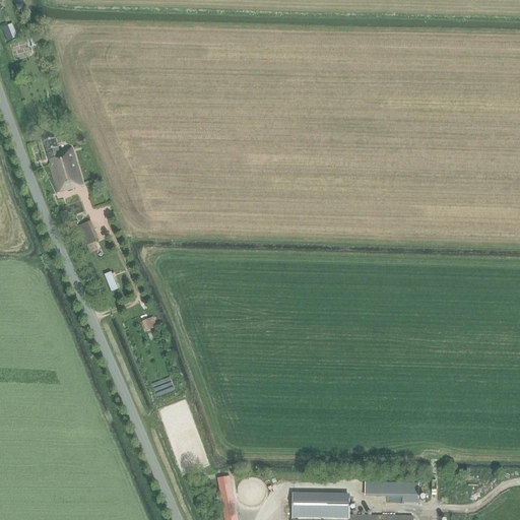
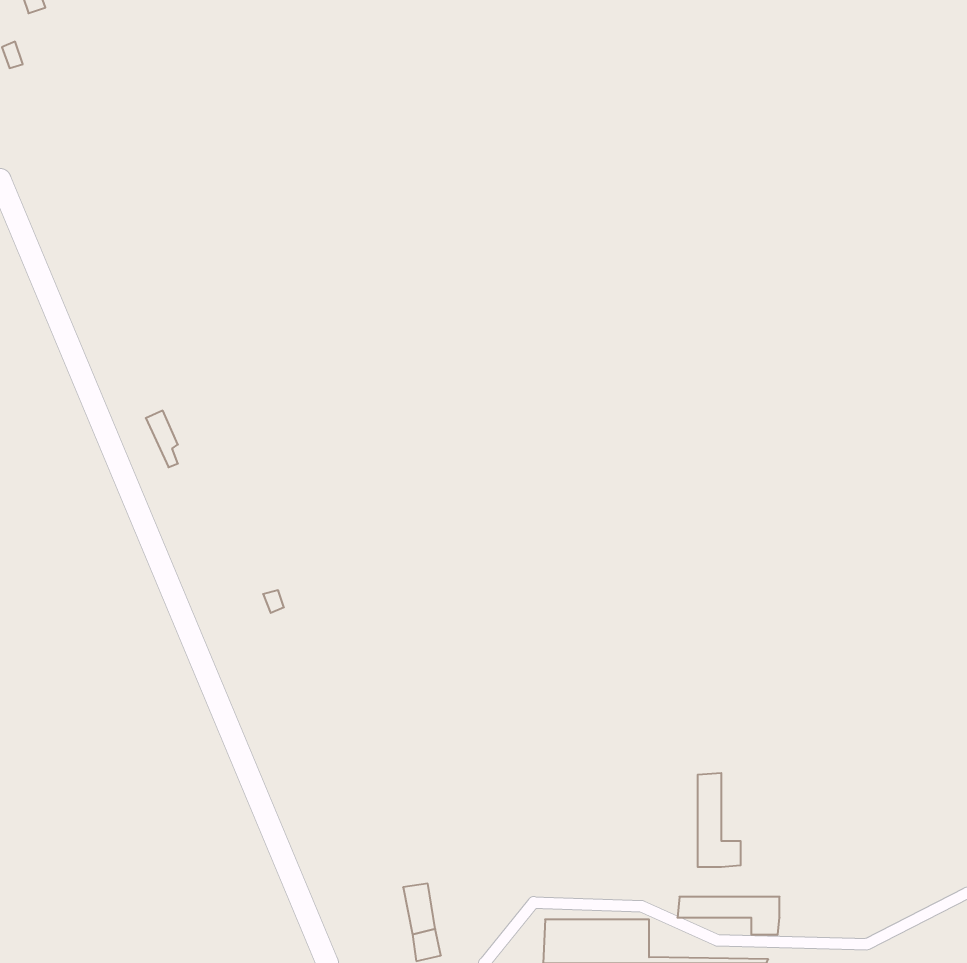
building: [43,136,82,191] -> none
building: none -> [698,773,741,867]

